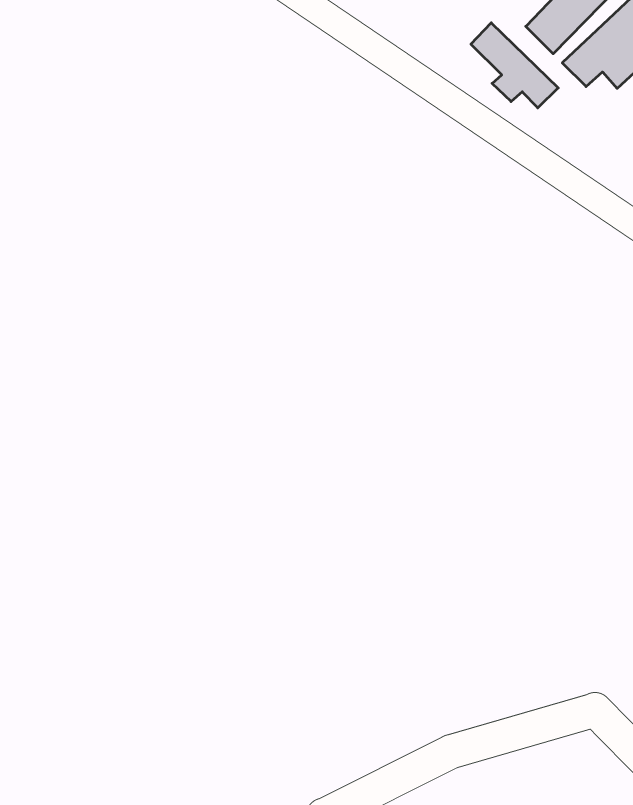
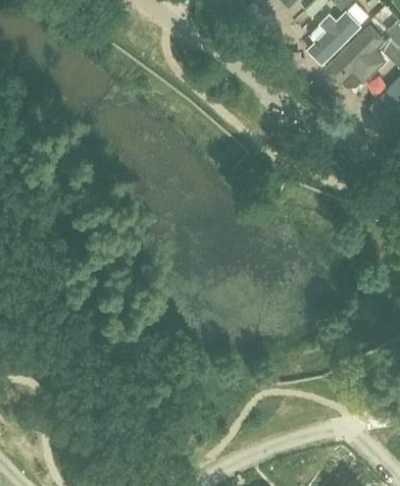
building: [471,23,558,108] -> none

